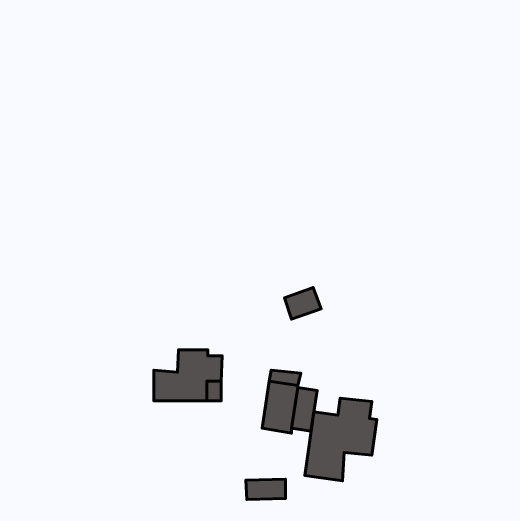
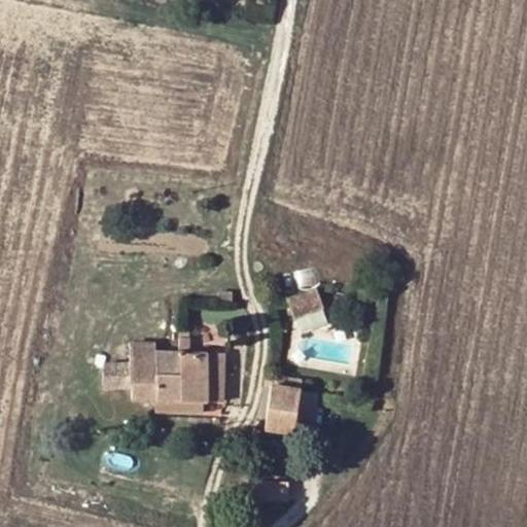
building: none -> [131,341,181,405]
building: [305,398,377,481] -> none

